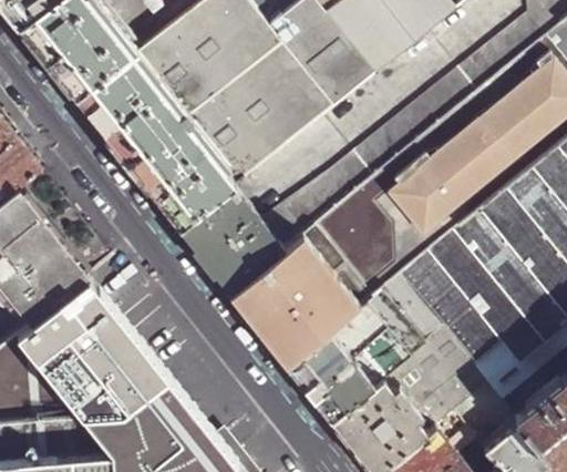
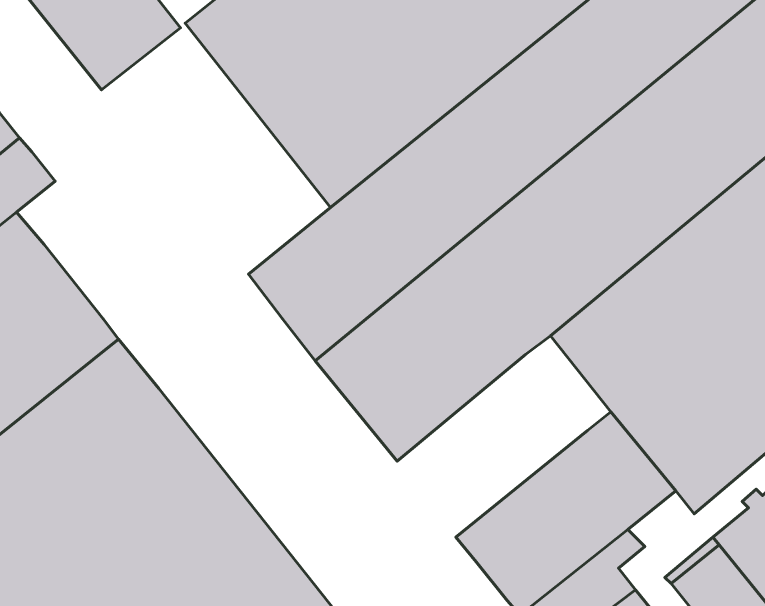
building: [76,52,240,232] -> none
building: [288,289,424,420] -> none

